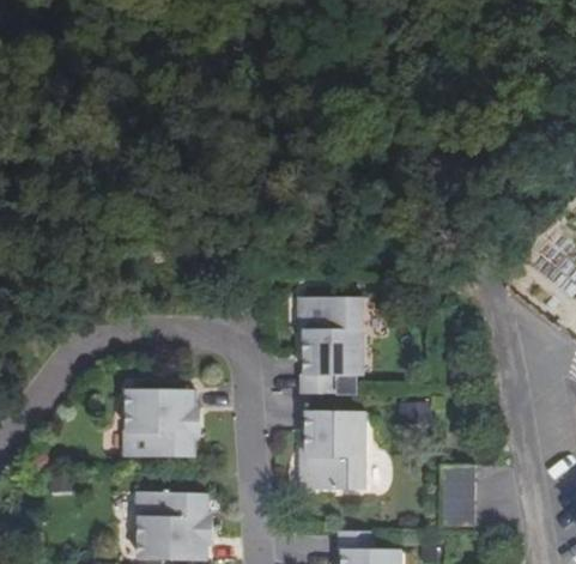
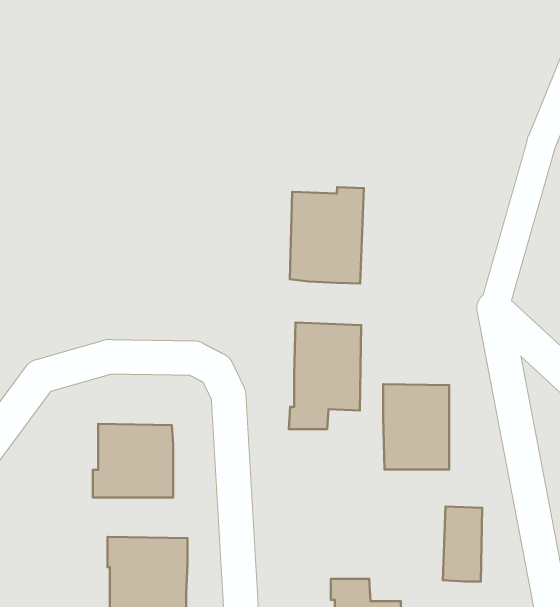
building: none -> [290,187,364,284]
building: [305,411,365,489] -> [383,384,449,469]

